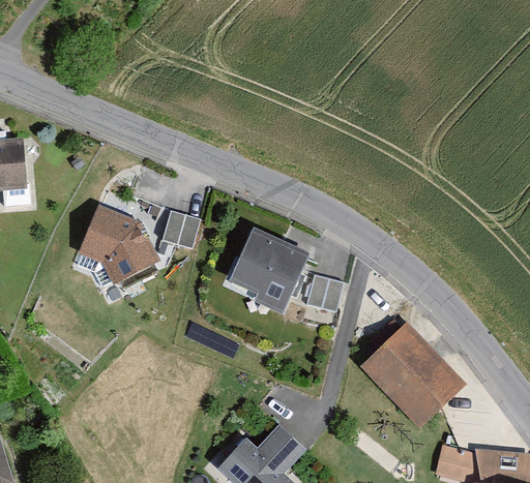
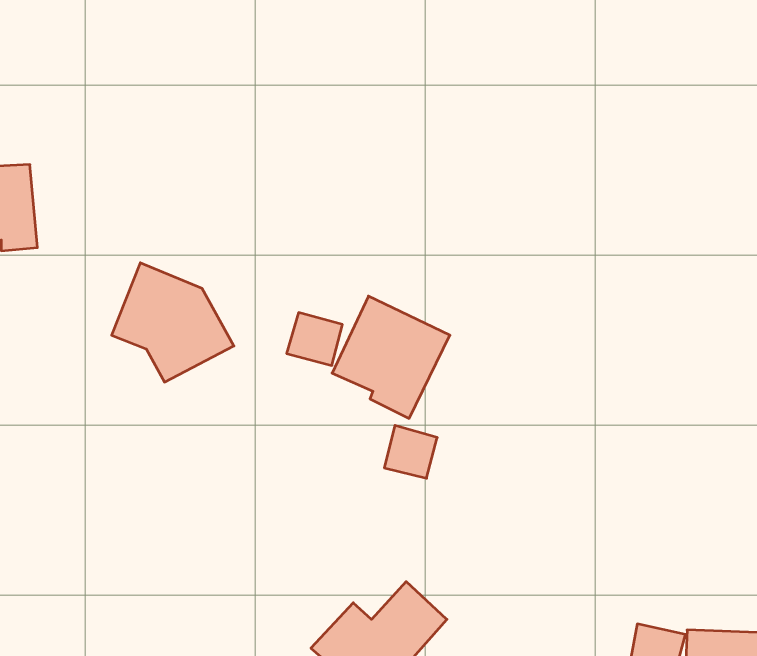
building: [163,209,201,245] -> [287,313,342,365]
building: [307,279,344,315] -> [384,425,437,478]
building: [355,327,459,431] -> none

